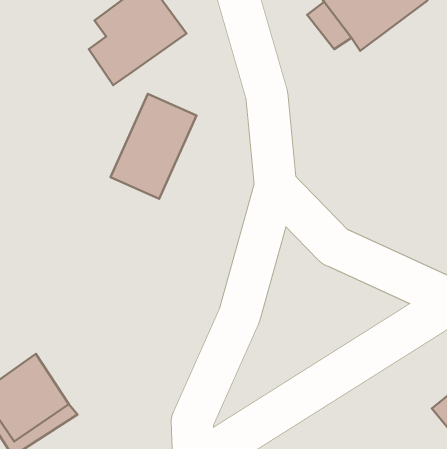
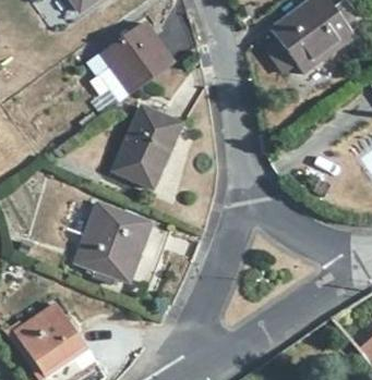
building: none -> [76,204,169,287]

